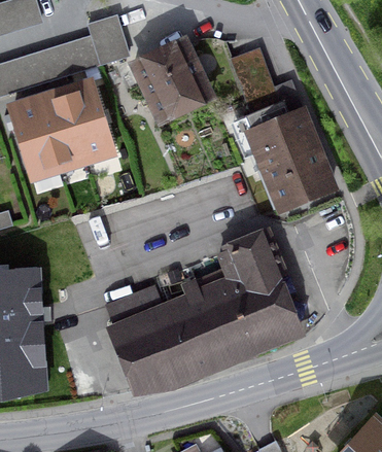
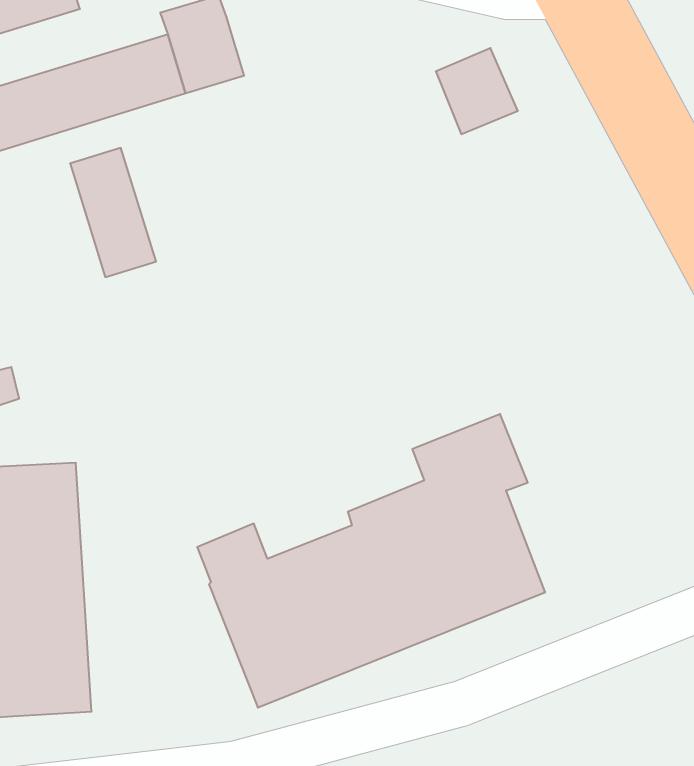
building: [131,45,203,115] -> none
building: [240,84,331,206] -> none
building: [64,88,109,155] -> none
building: [10,104,56,172] -> none

